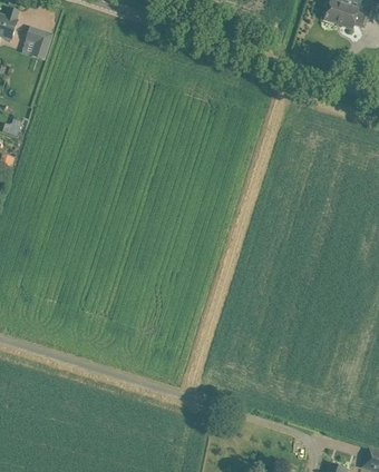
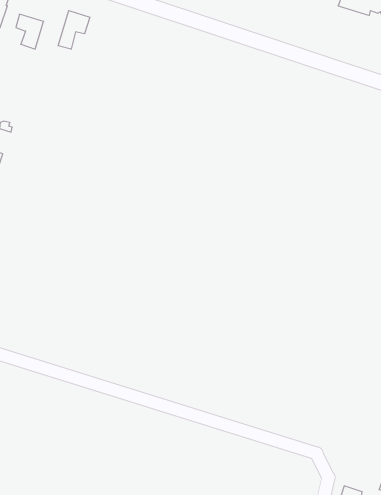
building: none -> [58,11,90,49]

